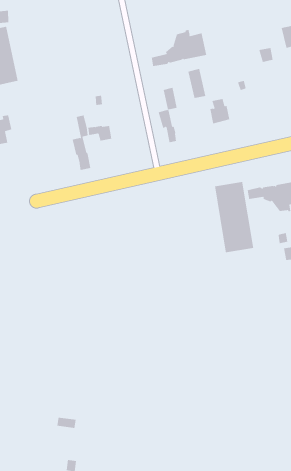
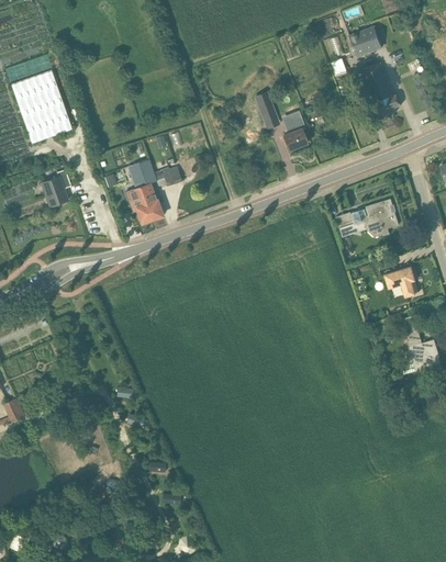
building: [151,29,207,67] -> none
building: [158,87,177,143] -> [125,161,150,223]
building: [214,181,254,253] -> none

